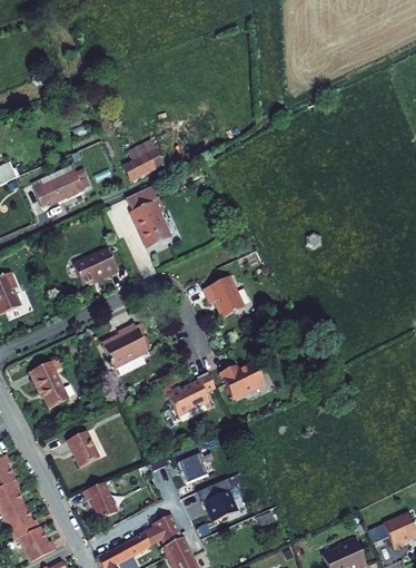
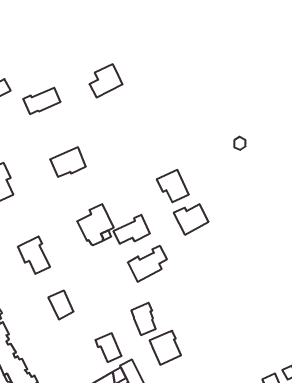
building: [128,189,168,245] -> none
building: none -> [114,215,150,244]
building: [224,360,268,399] -> [174,204,209,235]
building: [85,482,118,519] -> [95,333,122,362]

